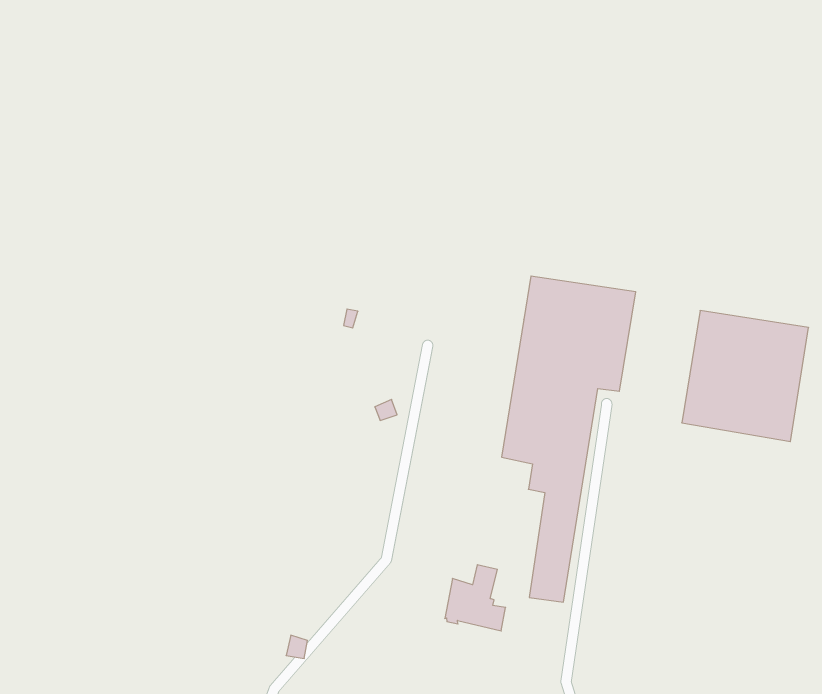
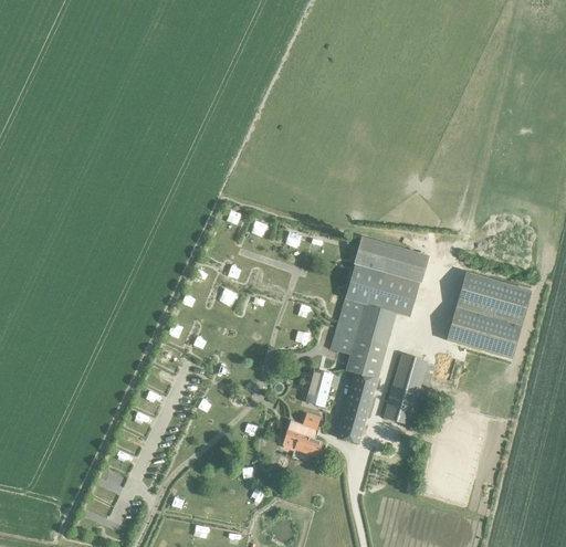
building: none -> [384,353,427,423]
building: none -> [305,368,333,406]

